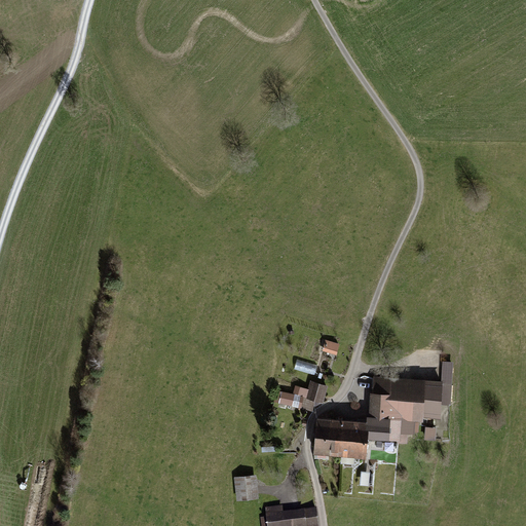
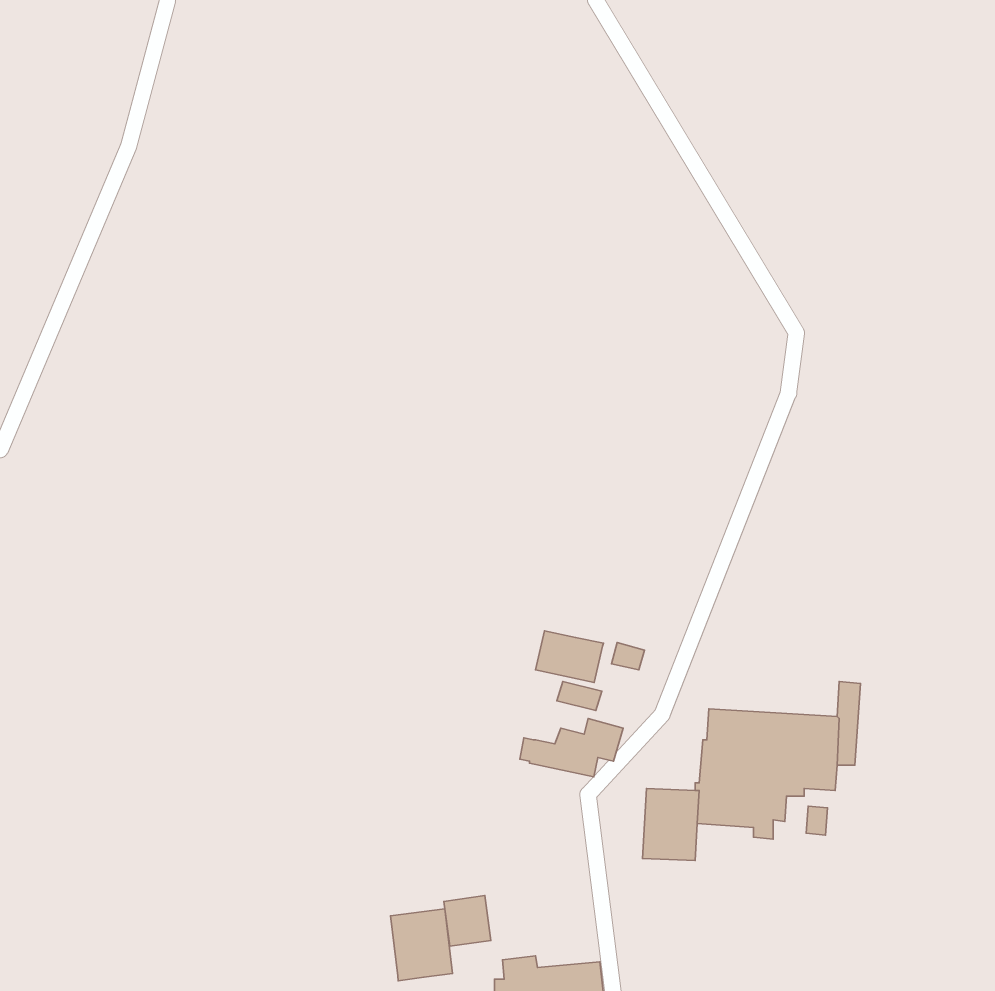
building: none -> [535,631,603,682]
building: [314,416,341,455] -> none
building: none -> [391,909,453,981]

